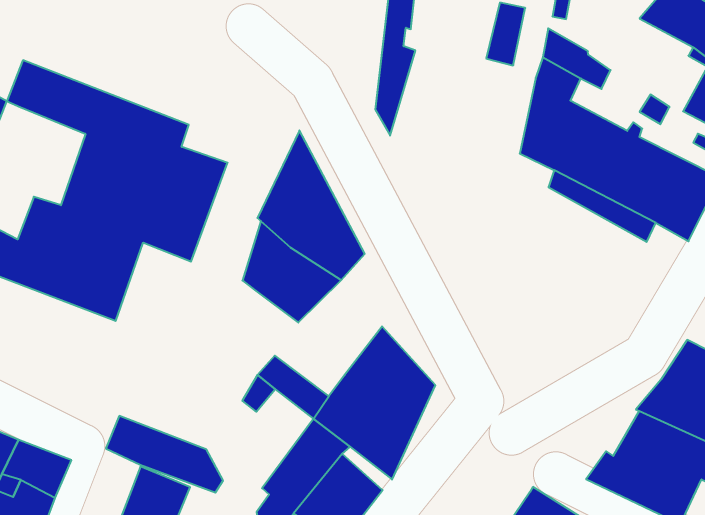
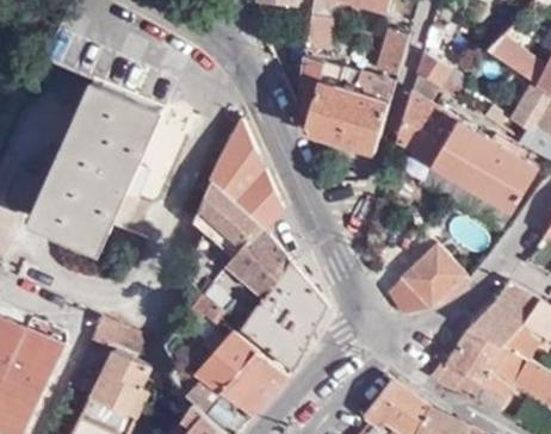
building: none -> [304,64,392,154]
building: none -> [225,225,291,293]
building: none -> [388,243,470,314]

